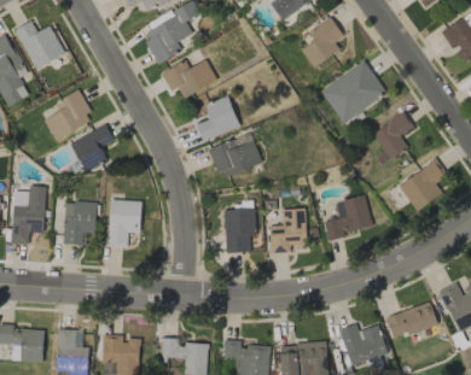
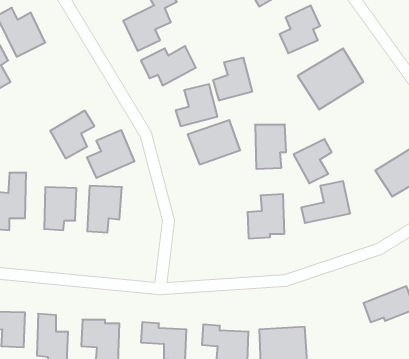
building: none -> [213,58,252,101]
building: [45,90,93,139] -> [87,130,135,178]
building: [373,113,412,158] -> [294,139,332,183]
building: [225,207,256,252] -> [255,125,286,169]
building: [342,324,388,363] -> none

